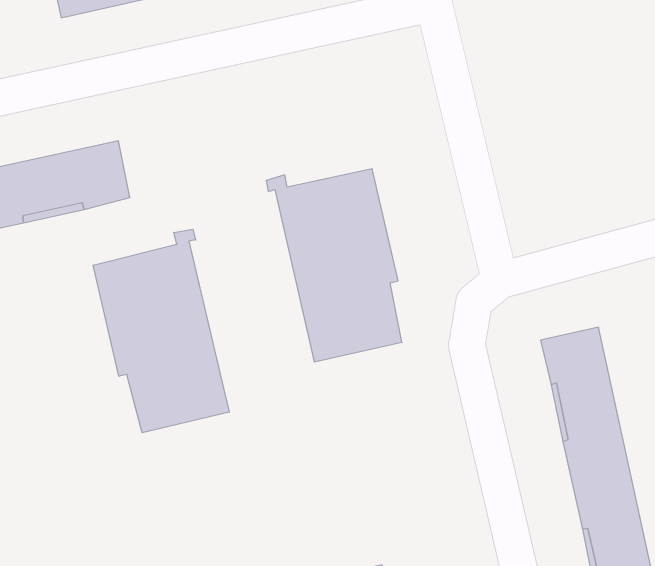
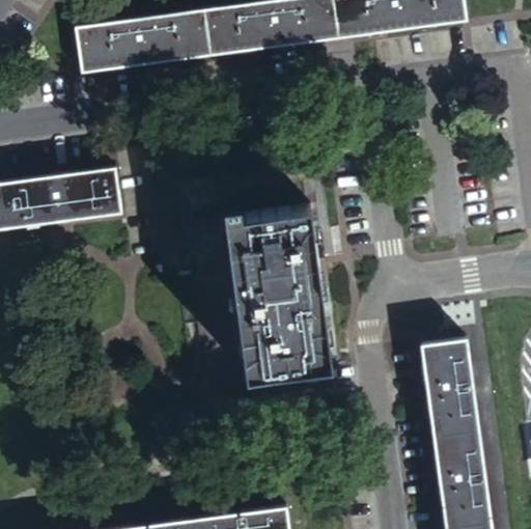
building: none -> [224,216,329,375]
building: [93,229,229,433] -> none

